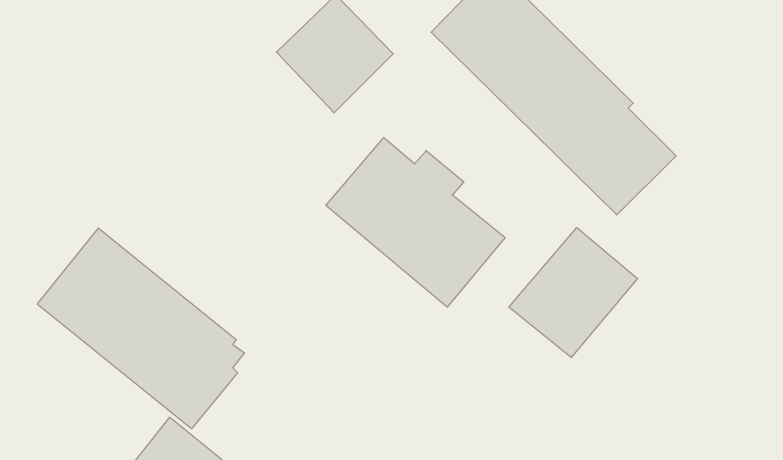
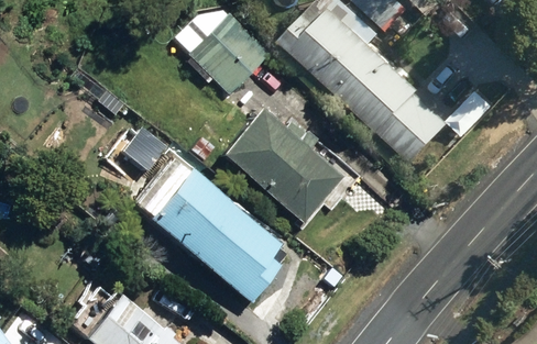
building: [509,228,638,358] -> none
building: [37,228,244,429] -> [146,167,285,301]

